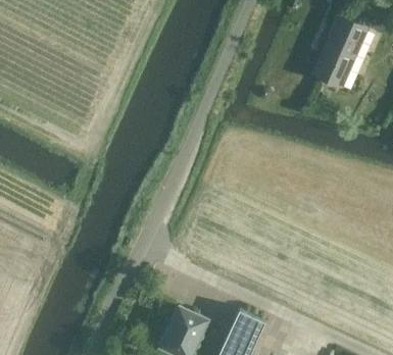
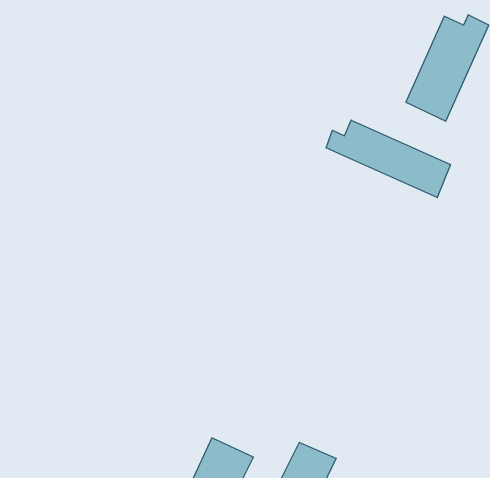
building: none -> [326,120,450,198]

